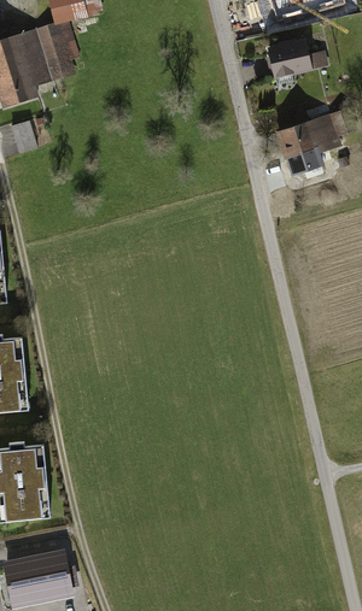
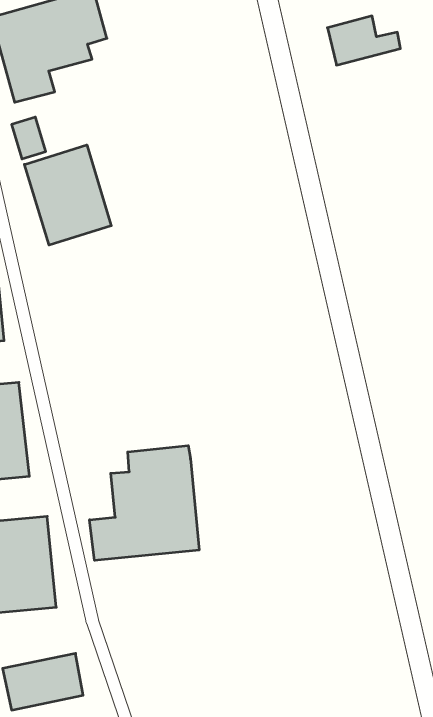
building: [276,112,341,174] -> none
building: none -> [24,145,111,245]
building: none -> [90,446,199,560]

